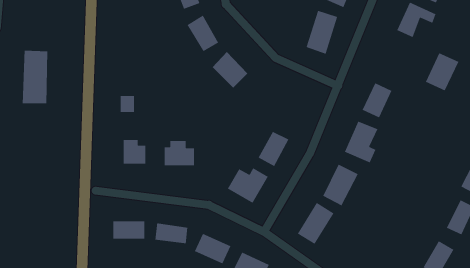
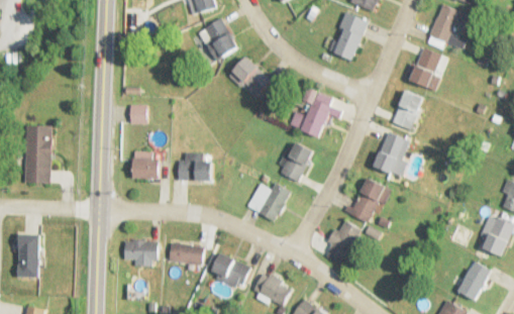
building: [22,50,48,104] -> [23,125,52,184]
building: [425,52,459,91] -> [406,45,443,88]
building: none -> [288,88,340,138]
building: none -> [17,234,39,278]

